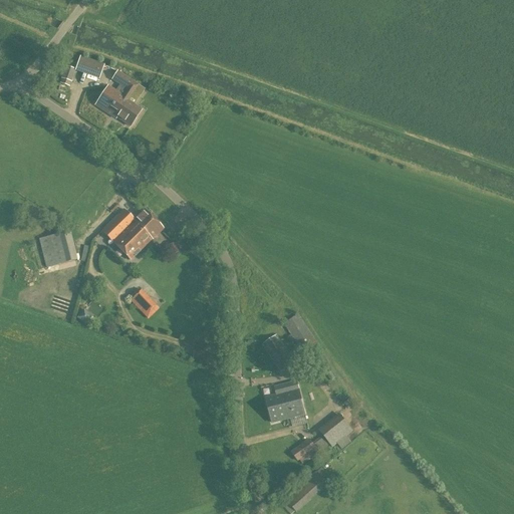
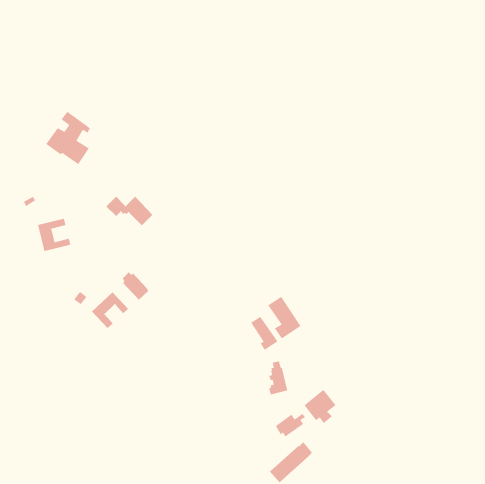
building: [74,54,102,77] -> none
building: [93,68,142,125] -> [45,111,91,165]
building: [99,218,150,259] -> none
building: none -> [91,291,129,329]
building: [264,382,288,421] -> none

